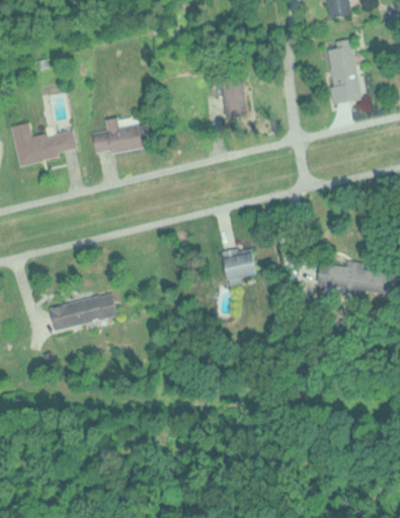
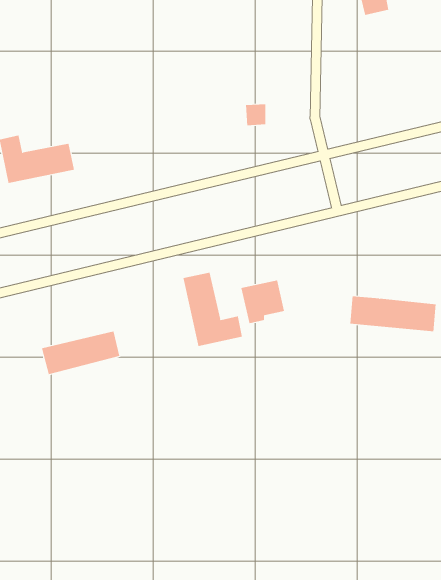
building: [326,39,358,102] -> none
building: [91,116,151,152] -> none
building: none -> [183,272,243,347]

